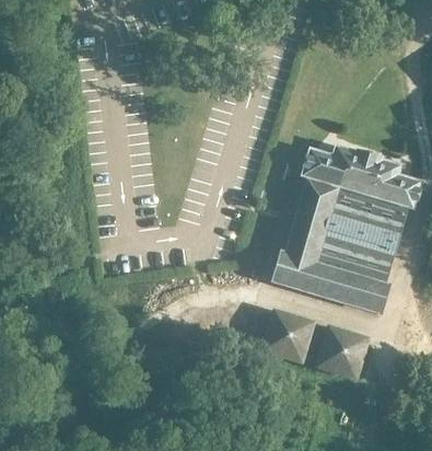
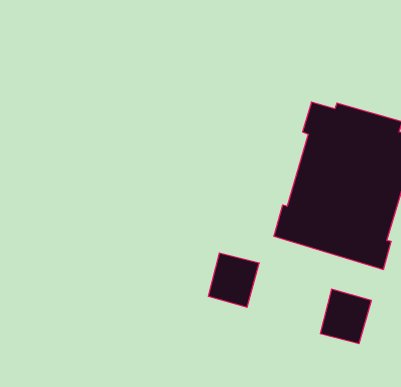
building: [267,316,317,370] -> [208,253,259,307]

